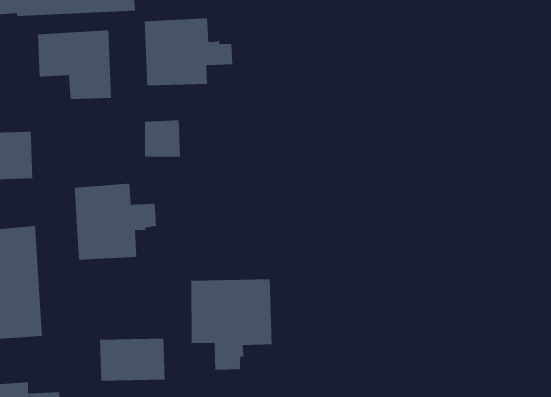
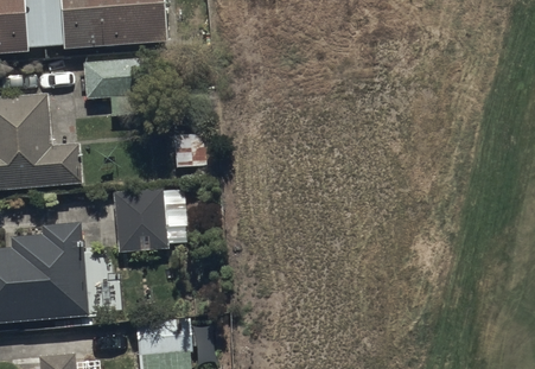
building: [144,18,233,86] -> none
building: [191,278,273,370] -> none

